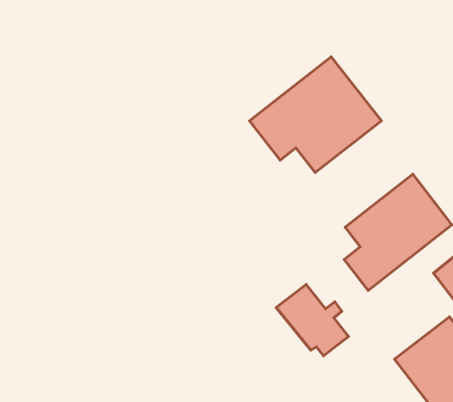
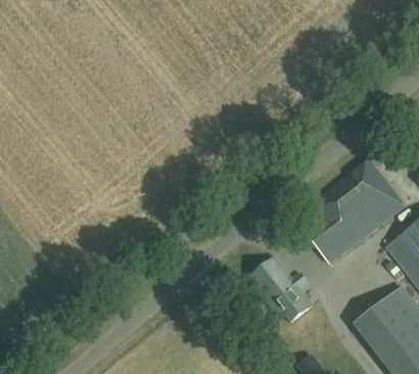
building: [249,57,381,172] -> none

